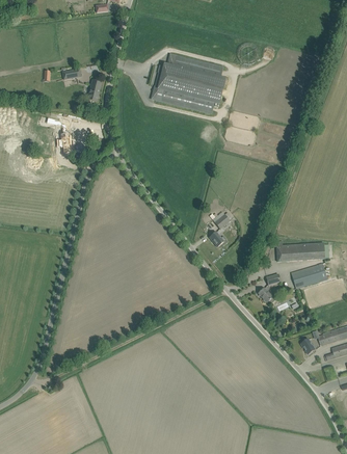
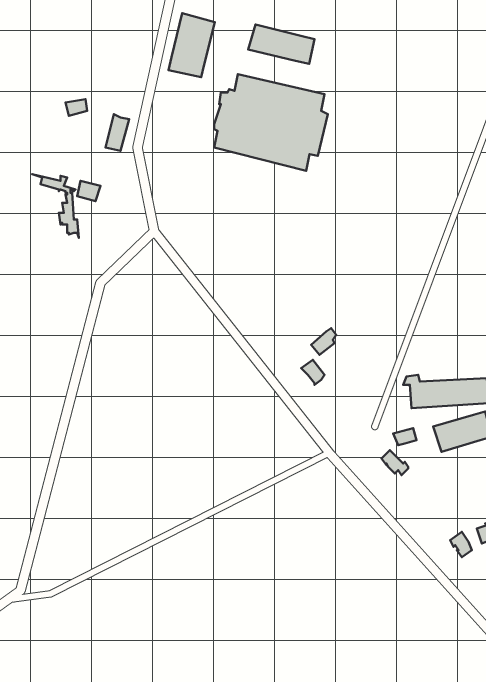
building: none -> [168,13,215,77]
building: none -> [248,25,315,64]

